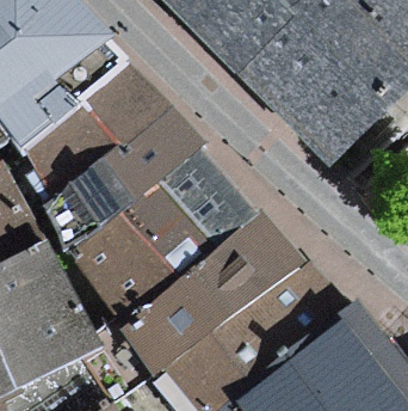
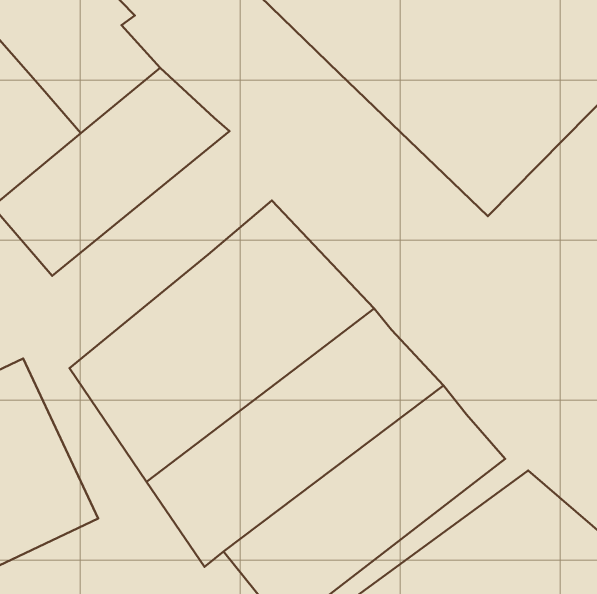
building: [43,105,202,252] -> none

